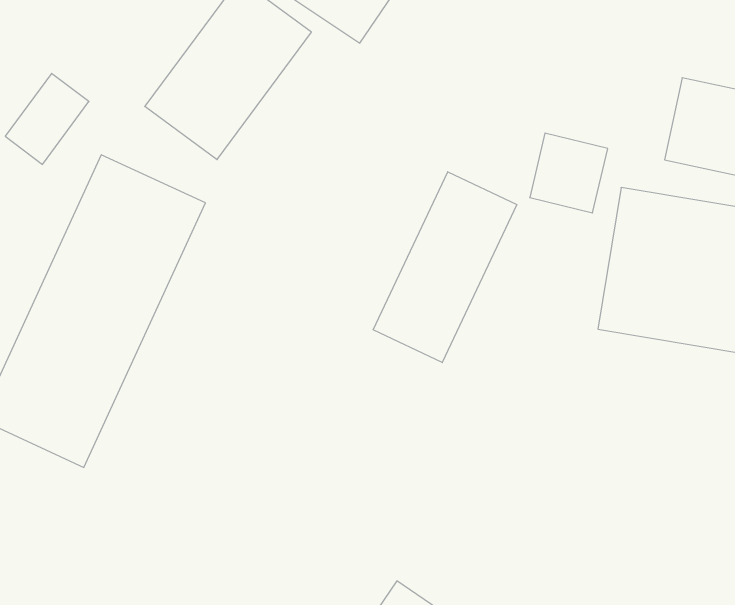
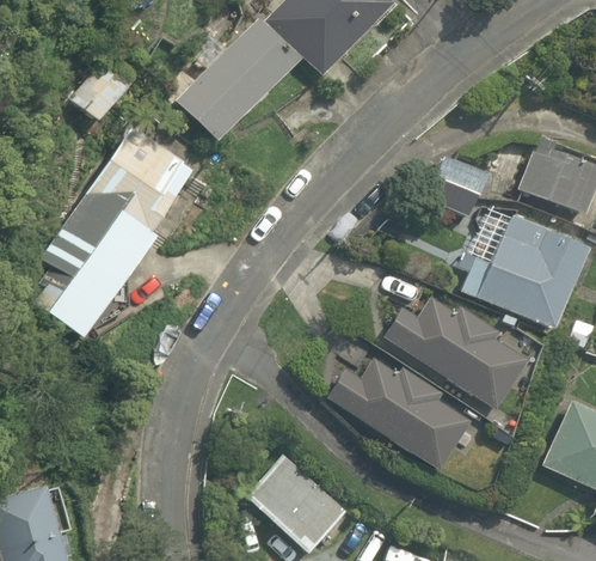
building: [373,172,517,363] -> none
building: none -> [382,292,526,411]
building: none -> [326,353,473,474]

